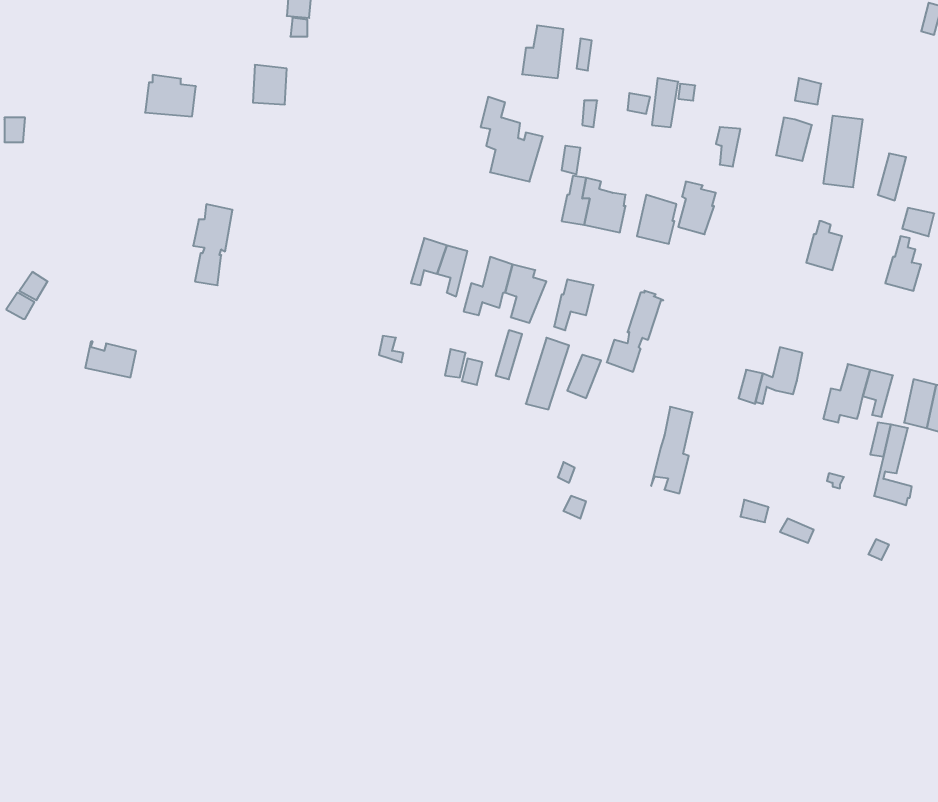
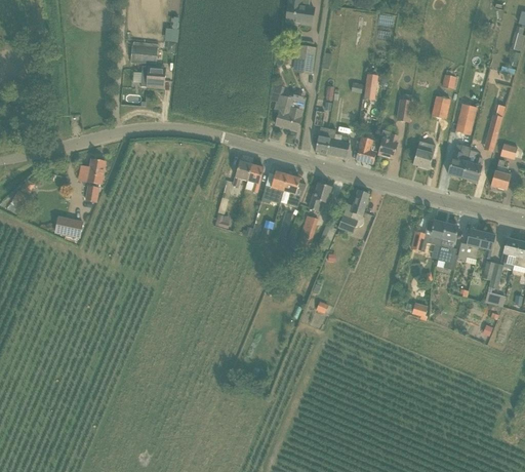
building: [145,75,196,116] -> [129,41,157,64]
building: none -> [412,133,432,168]
building: [193,204,233,285] -> [83,158,105,202]
building: none -> [461,149,482,182]
building: [651,407,693,493] -> [435,223,457,270]

